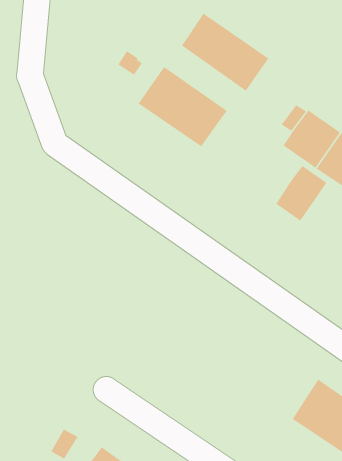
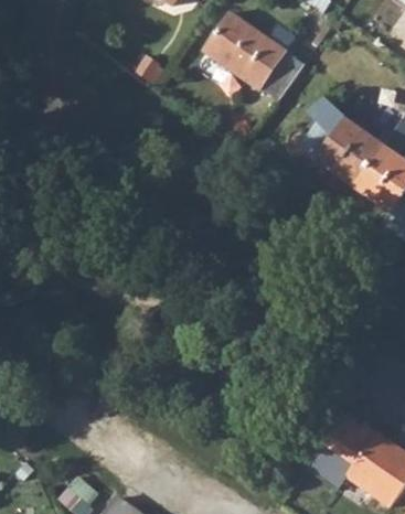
building: [138,66,228,147] -> none
building: [275,165,327,221] -> none

